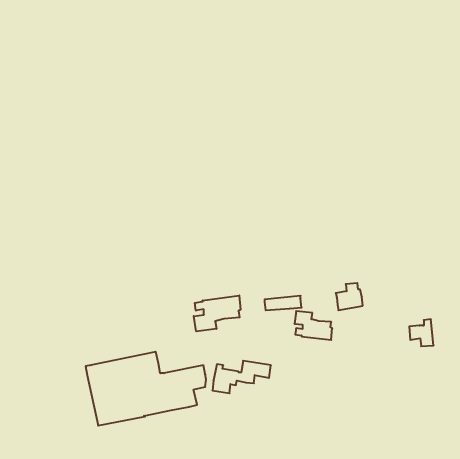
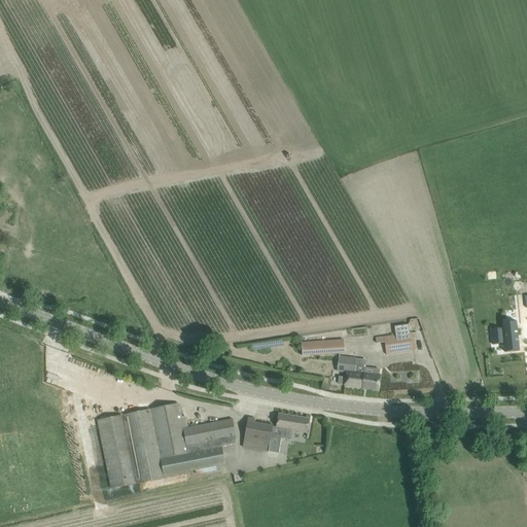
building: [194,295,241,331] -> none
building: [409,319,434,346] -> [492,319,520,350]

